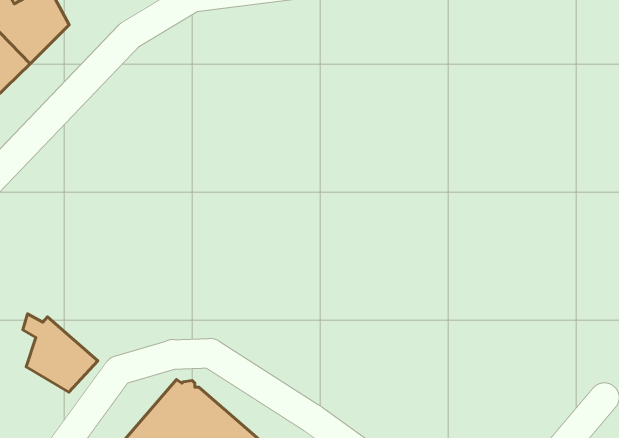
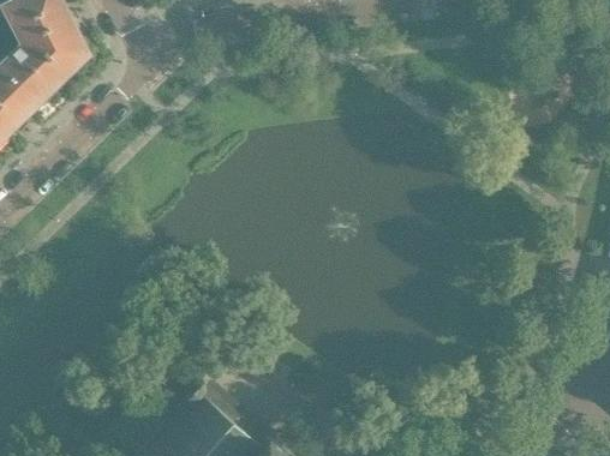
building: [23,314,98,392] -> none

